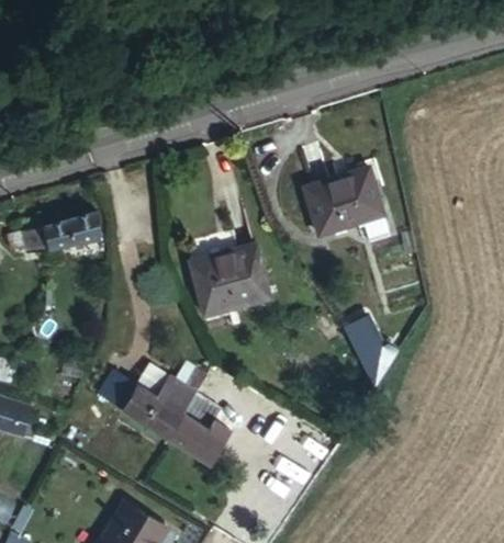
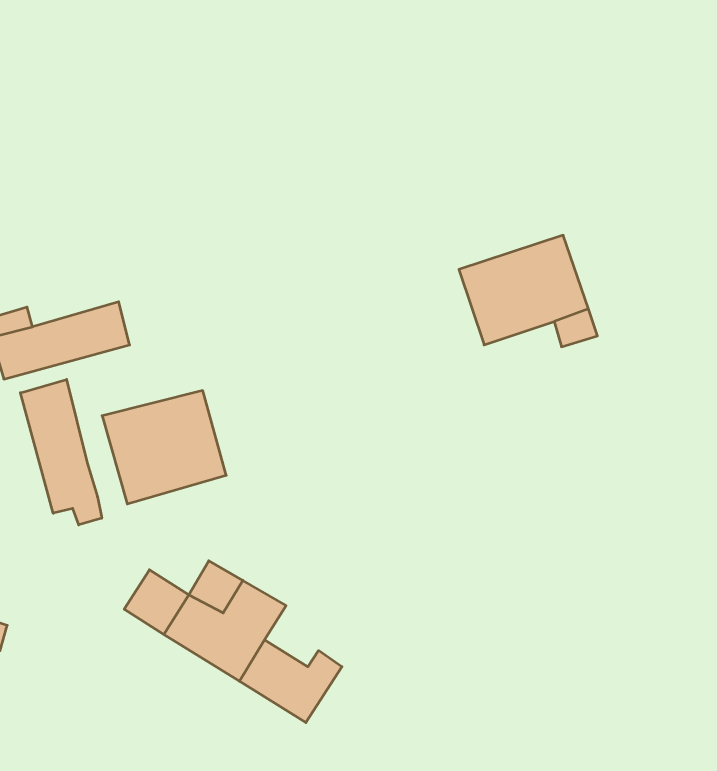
building: [202,244,278,313] -> [102,391,226,504]
building: none -> [20,379,102,525]
building: [338,315,391,371] -> none

